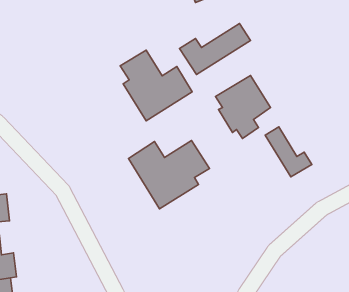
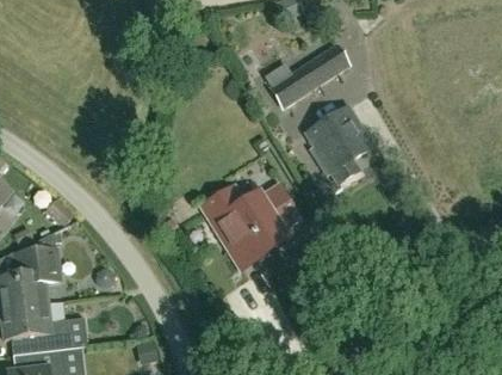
building: [120,50,192,121] -> none
building: [265,127,312,177] -> none

